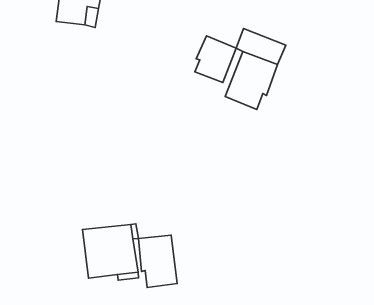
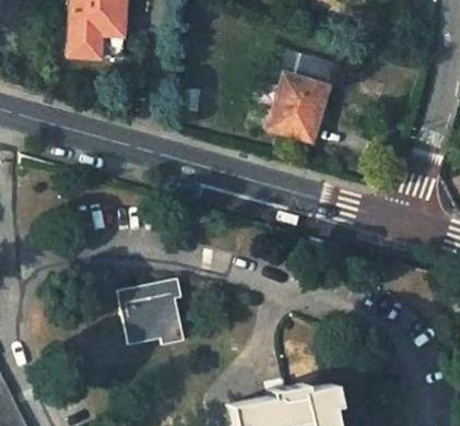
building: [195,36,236,83] -> none
building: [139,235,177,288] -> none

